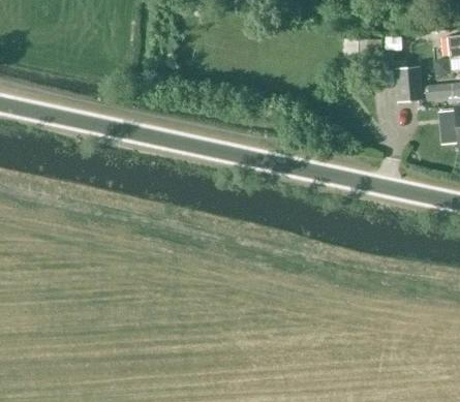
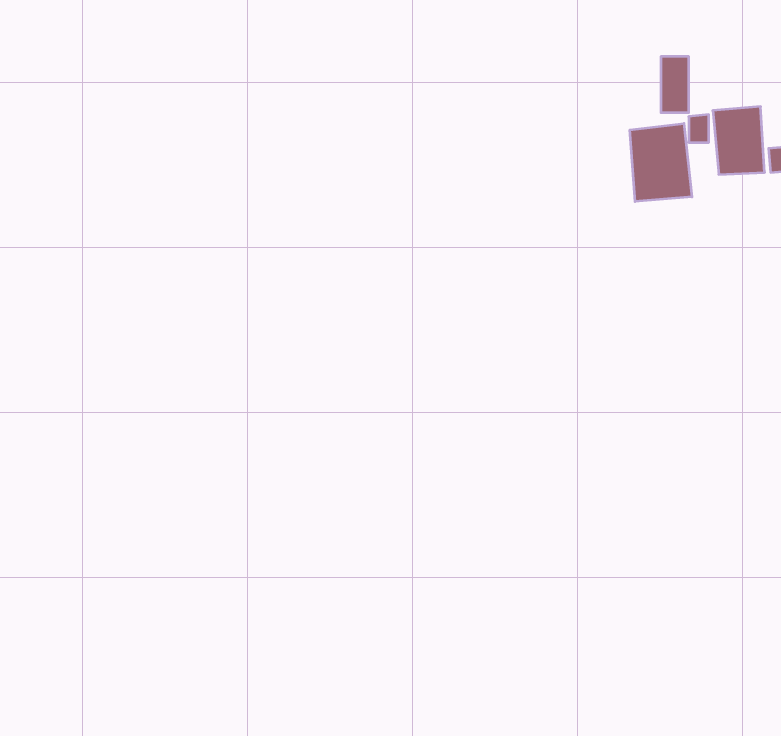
building: none -> [630,123,692,202]

